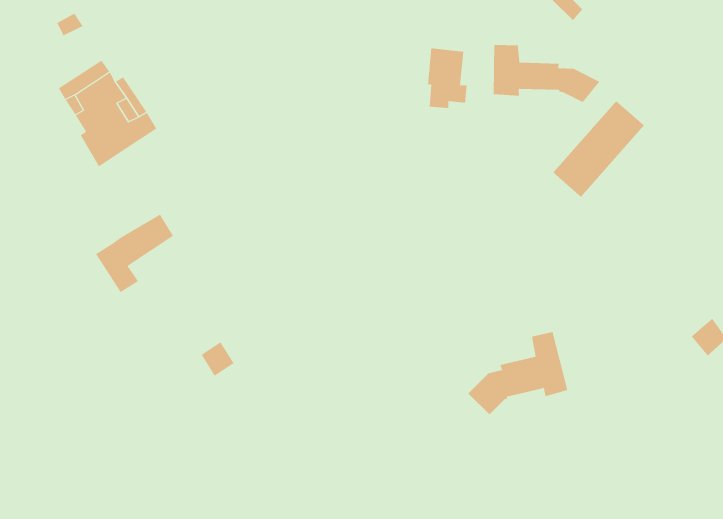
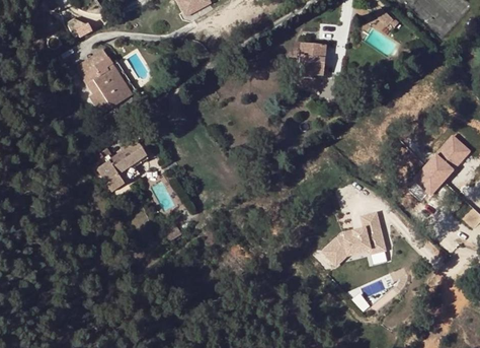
building: [493,44,600,103] -> none
building: [553,100,645,198] -> [414,135,470,194]

